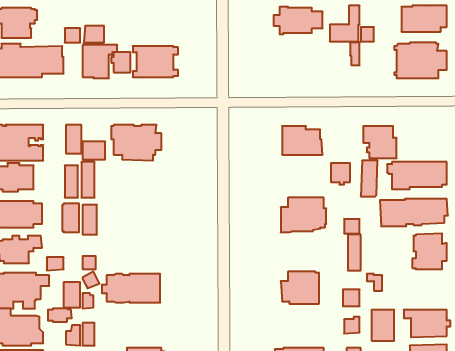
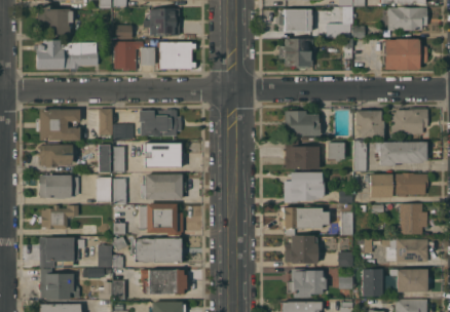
building: none -> [149,8,179,36]
building: none -> [278,39,313,69]
building: none -> [390,109,427,133]
building: none -> [285,141,322,169]
building: none -> [144,143,181,168]
building: none -> [141,174,185,200]
building: none -> [139,204,182,236]
building: none -> [280,207,328,235]
building: none -> [381,236,427,262]
building: none -> [287,269,325,298]
building: none -> [140,270,186,295]

